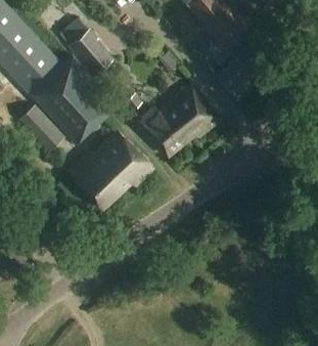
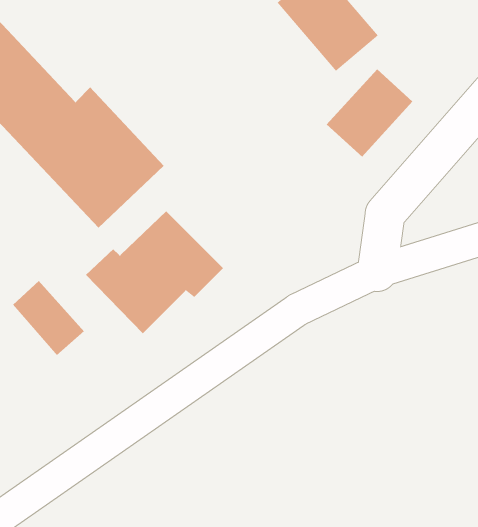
building: [67,27,115,77] -> none
building: [139,84,221,156] -> none
building: [20,104,65,152] -> [12,280,85,356]

